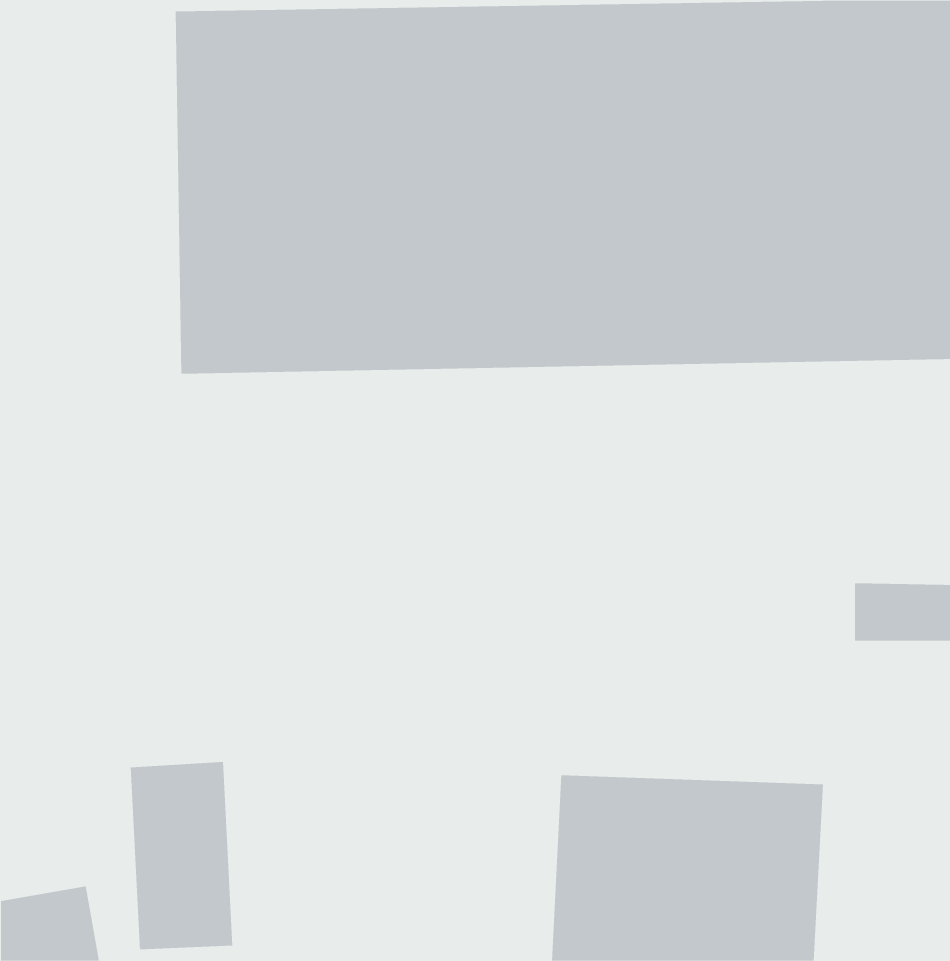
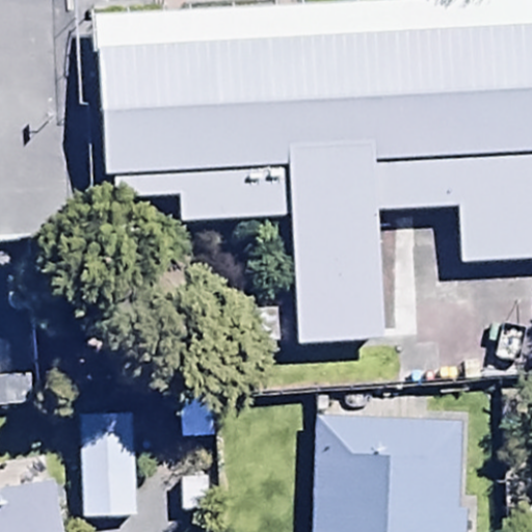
building: none -> [300,203,391,332]

